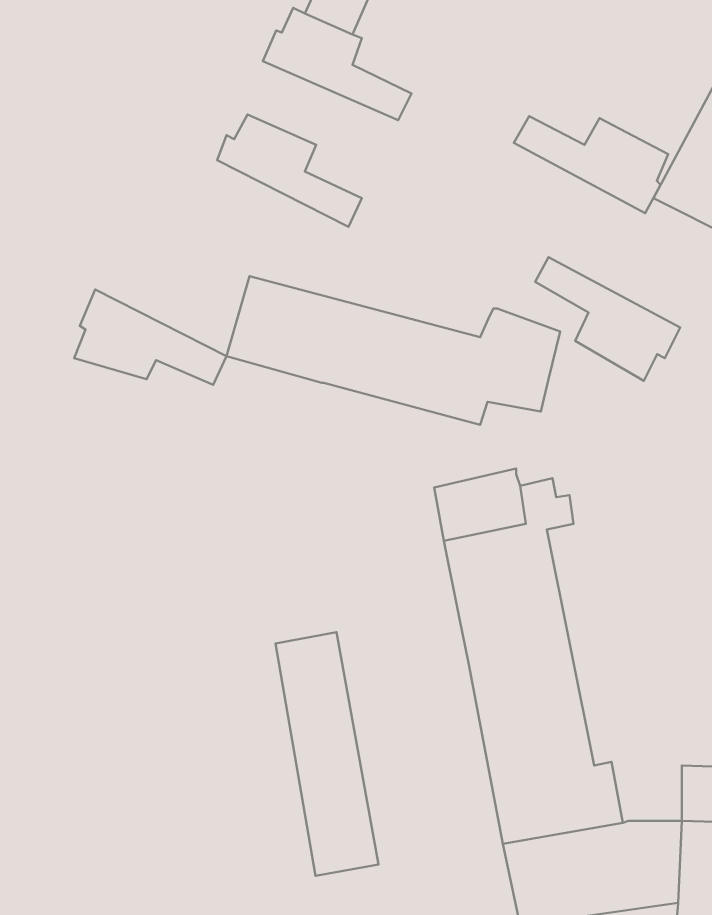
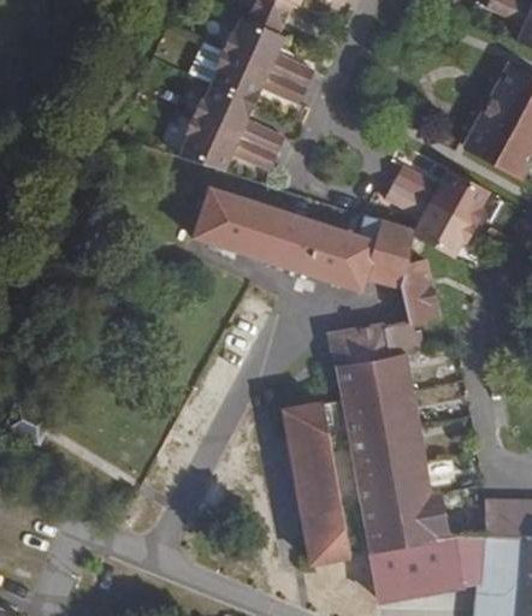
building: none -> [208,57,303,111]
building: [514,116,668,213] -> [398,164,496,225]
building: [74,290,227,385] -> [176,119,272,179]
building: none -> [394,256,435,320]
building: [275,632,378,876] -> [286,398,351,552]

